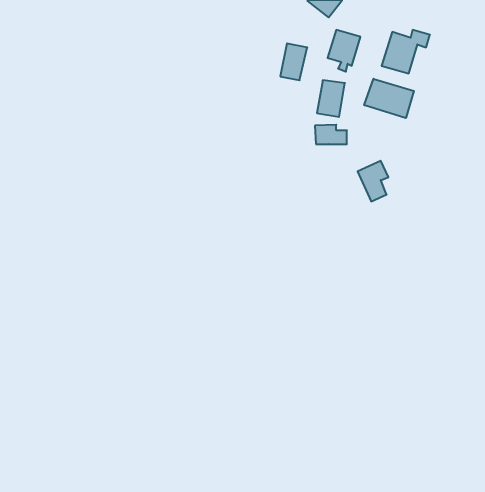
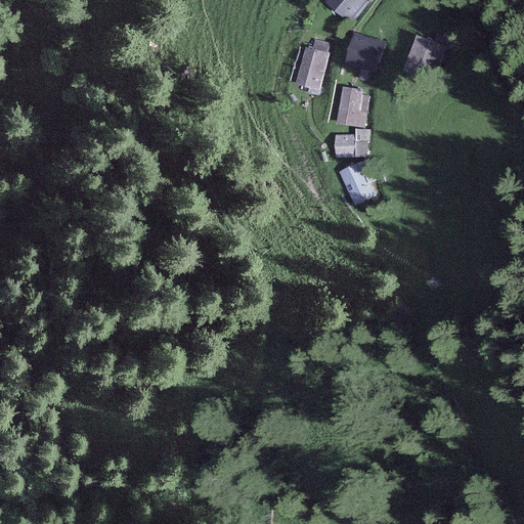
building: [364,79,414,118] -> none
building: [358,161,388,201] -> [342,160,375,203]

